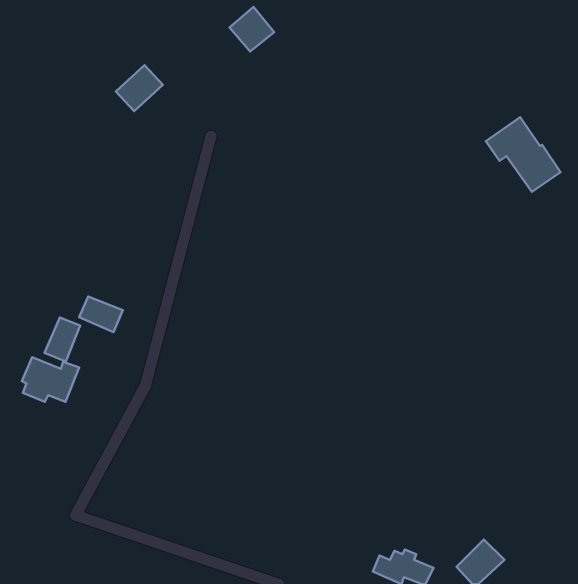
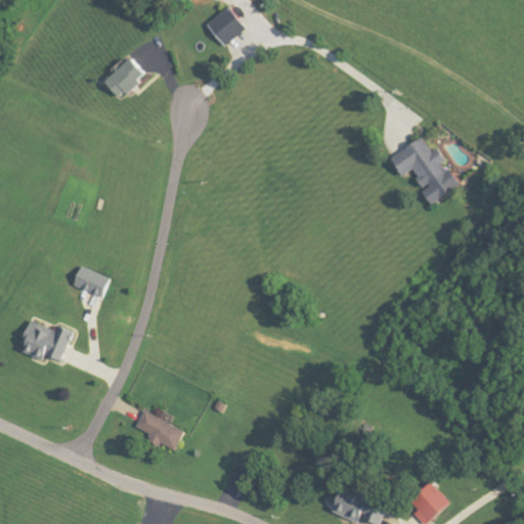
building: [486,117,560,192] -> [390,135,456,202]
building: [45,318,80,362] -> none
building: none -> [134,409,183,450]

